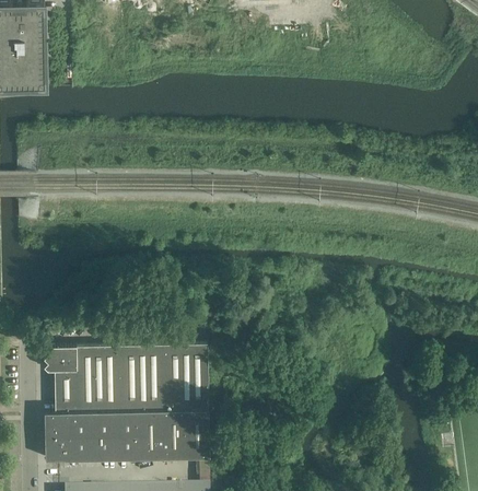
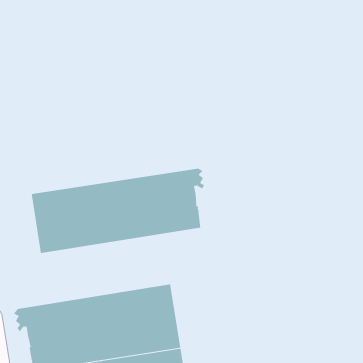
building: none -> [31,168,205,254]

